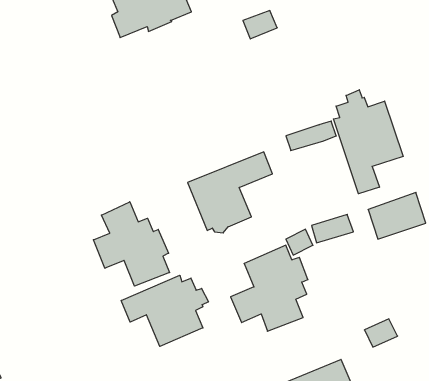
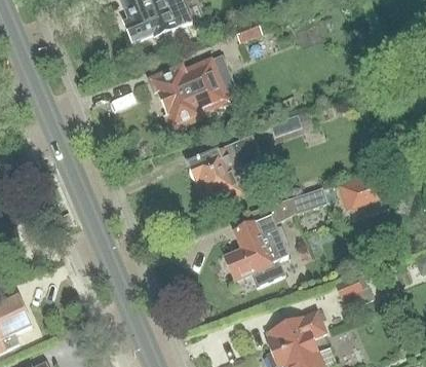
building: none -> [150,56,238,129]
building: [333,90,403,194] -> none
building: [93,202,170,286] -> none
building: [121,275,208,346] -> none

